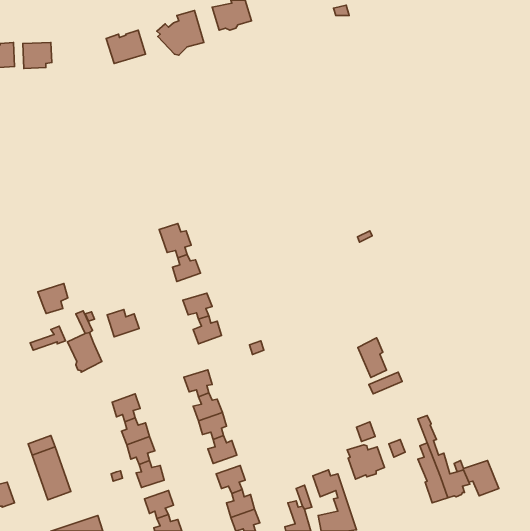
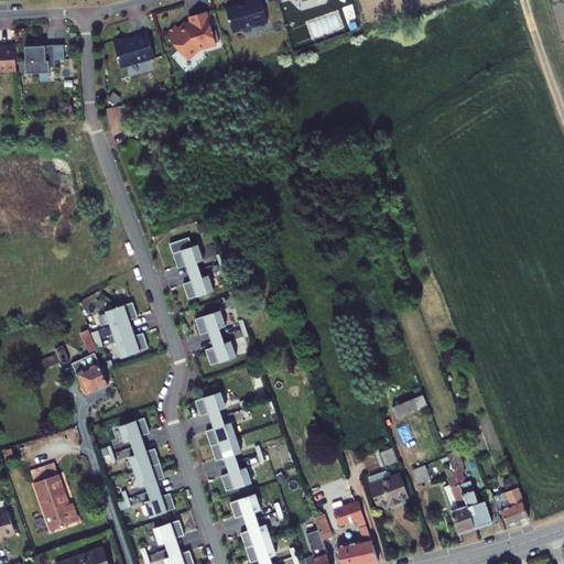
building: [38,283,68,314] -> [105,302,137,334]
building: [358,338,386,378] -> none

